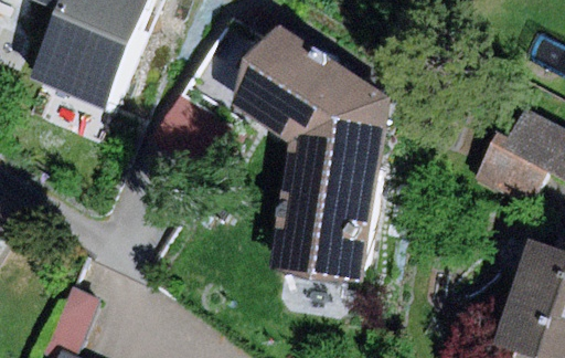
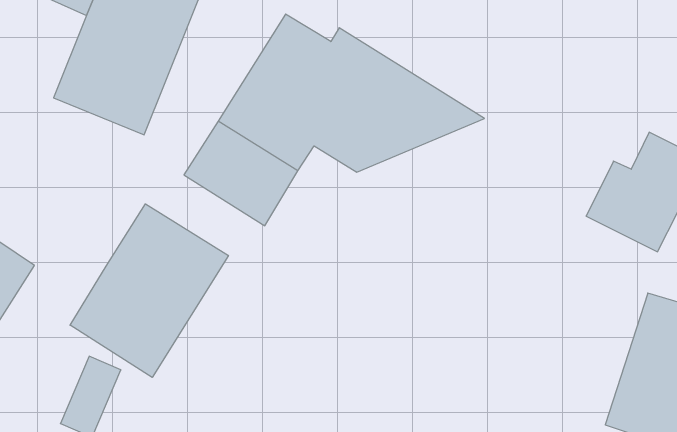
building: [273,97,392,277] -> none
building: none -> [70,204,228,377]

